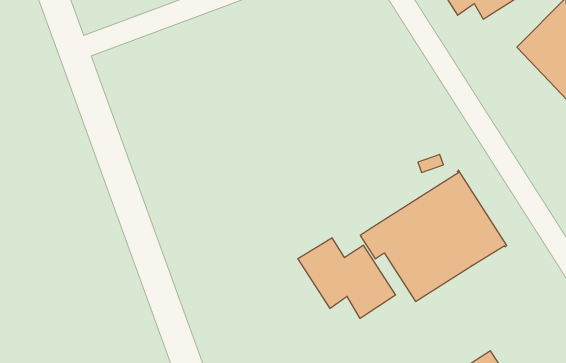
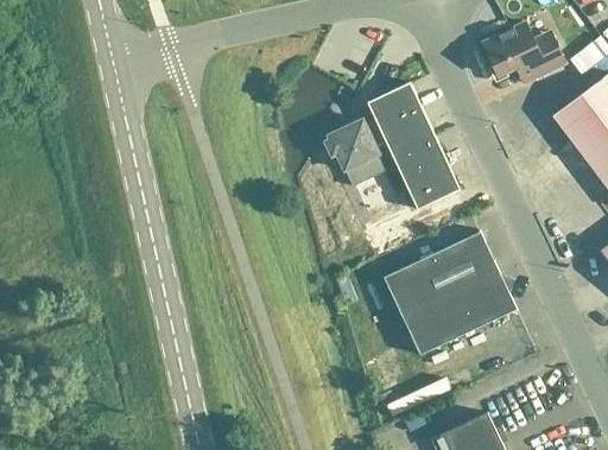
building: none -> [324,82,460,209]
building: [298,238,396,318] -> none

